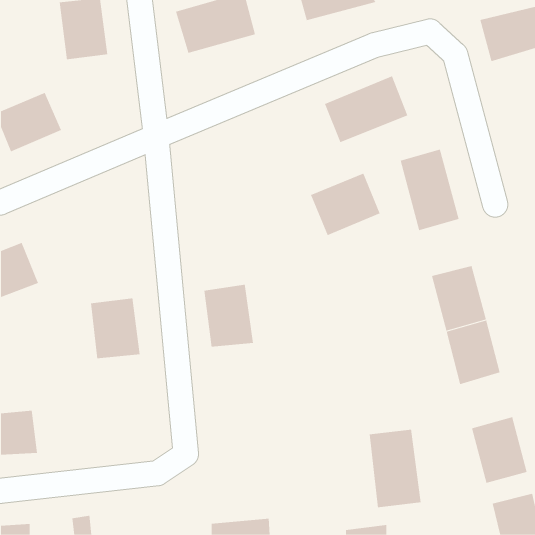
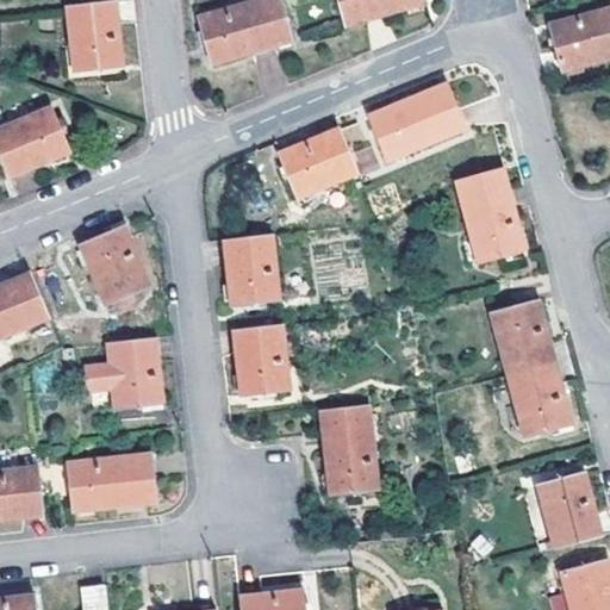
building: [310,173,381,236] -> [278,129,357,200]
building: none -> [75,229,145,307]
building: none -> [222,236,278,306]
building: none -> [68,453,157,510]
building: [369,429,421,508] -> [319,404,379,493]

